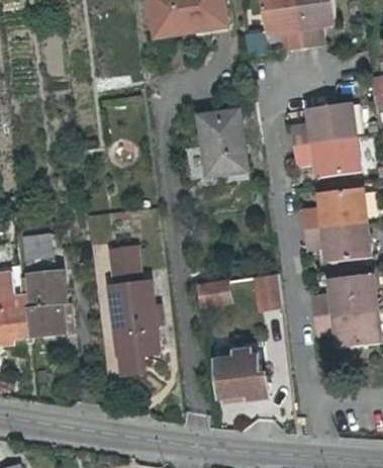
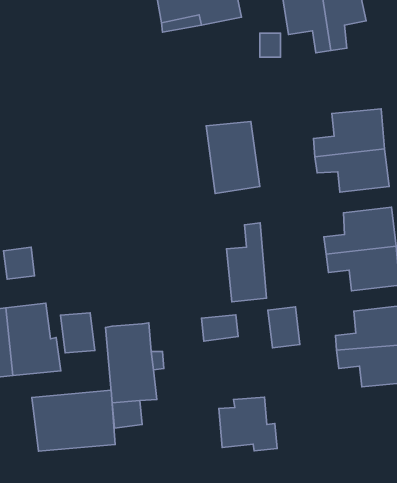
building: none -> [226,223,266,302]
building: [112,257,142,292] -> [61,313,95,353]
building: none -> [32,390,115,451]

